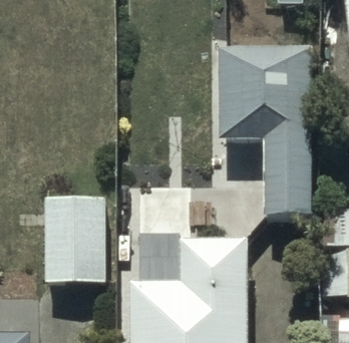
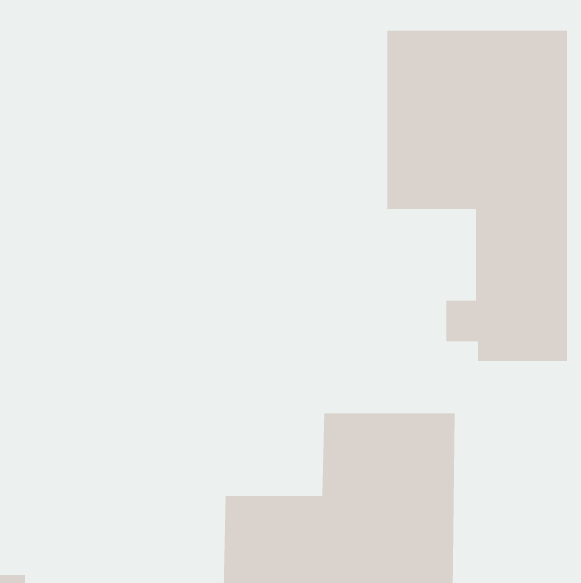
building: [46,196,108,286] -> none

